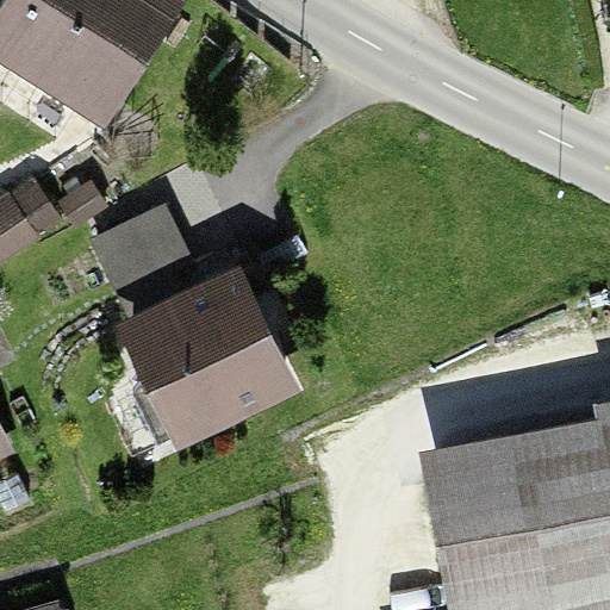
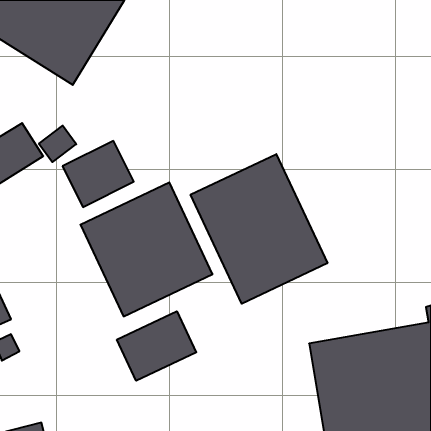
building: none -> [191,154,327,304]
building: none -> [117,311,196,381]

